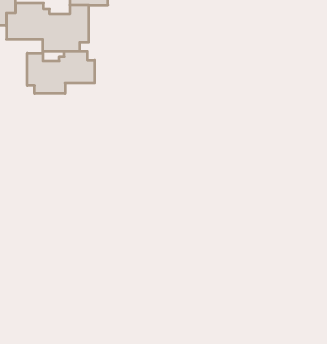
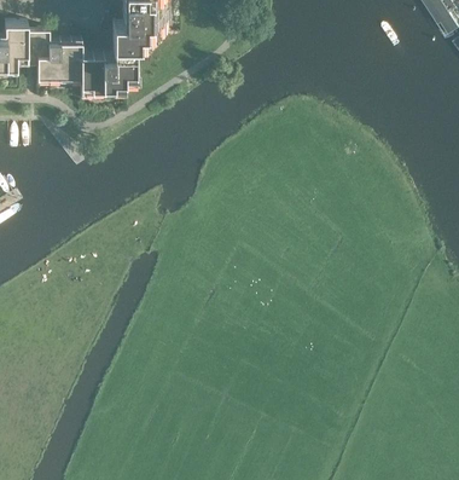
building: [27,51,95,94] -> none

